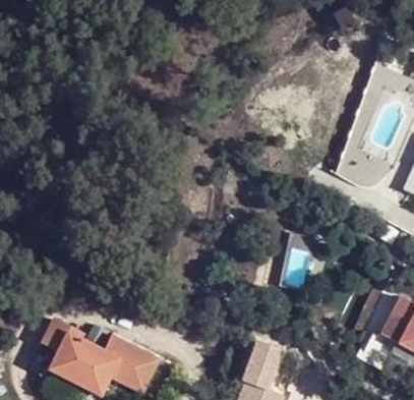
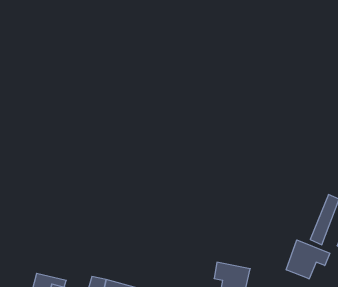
building: none -> [286,240,330,279]

